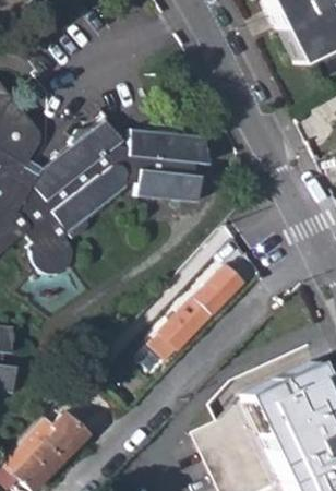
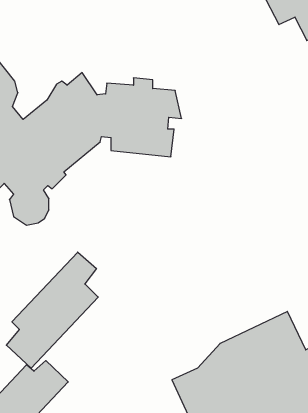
building: [154,265,244,358] -> none
building: none -> [6,252,98,368]

